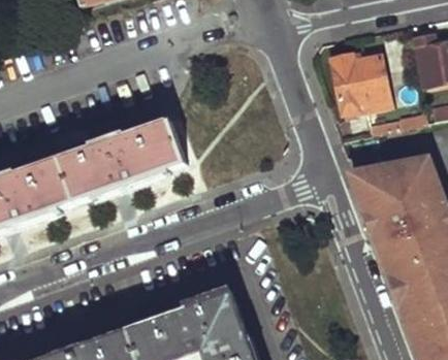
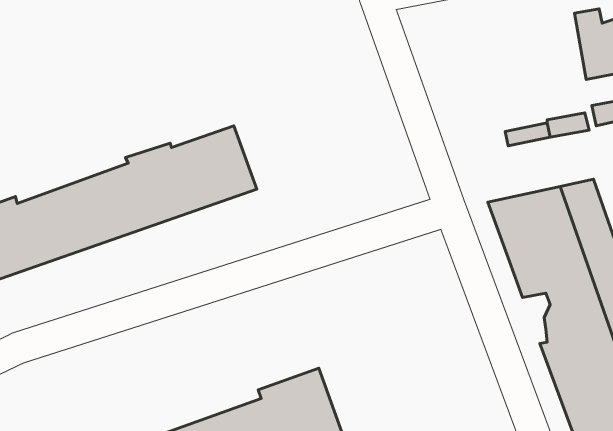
building: [326,48,386,109] -> none

